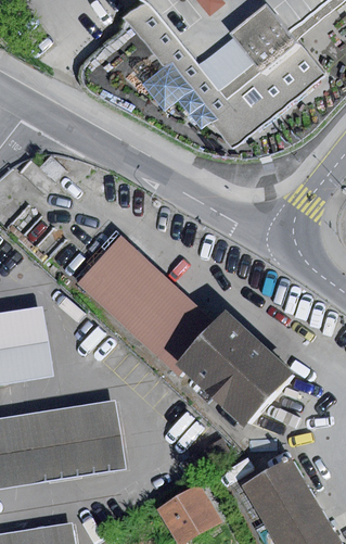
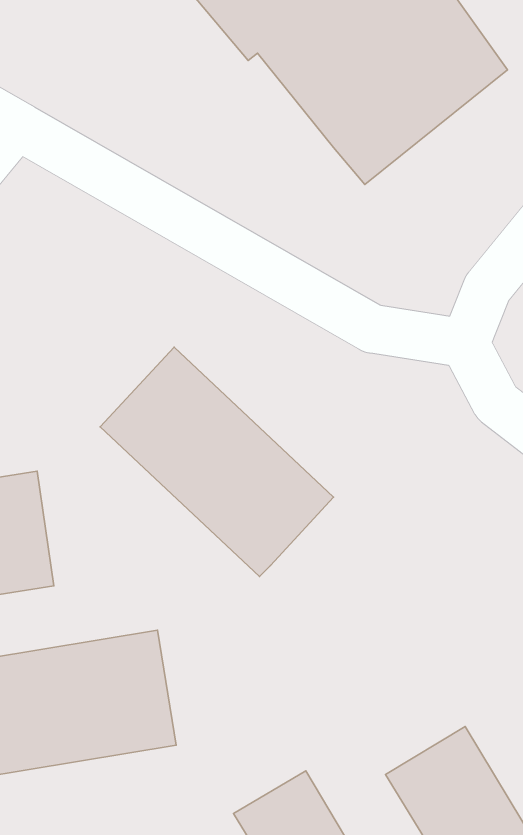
building: [142,62,214,129] -> none
building: [177,312,293,426] -> none

